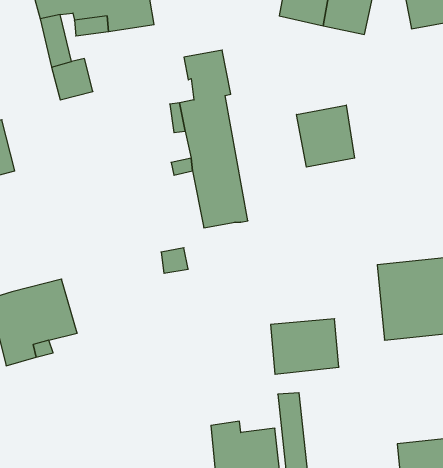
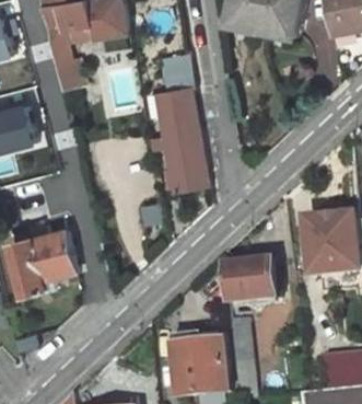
building: [297,105,355,167] -> none

